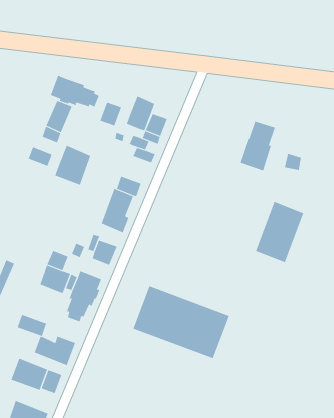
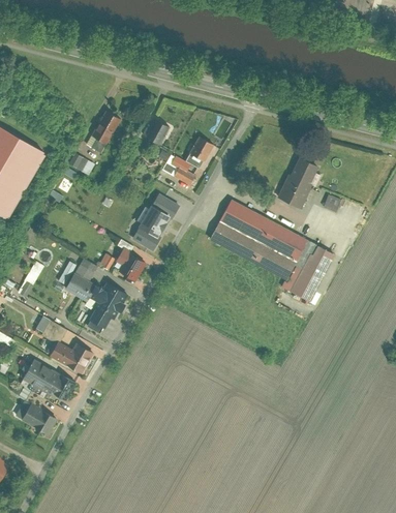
building: [50,75,100,108] -> none
building: [126,96,155,131] -> none
building: [55,145,91,185] -> none
building: [132,286,229,359] -> [209,200,306,280]

